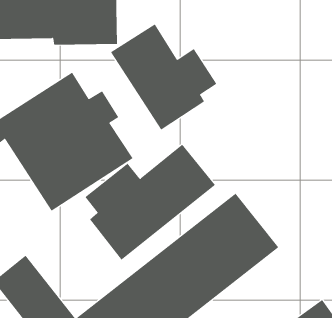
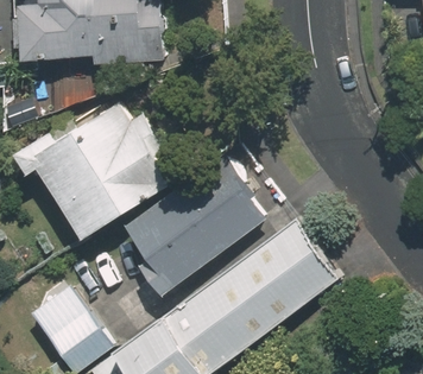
building: [110,23,217,130] -> none

